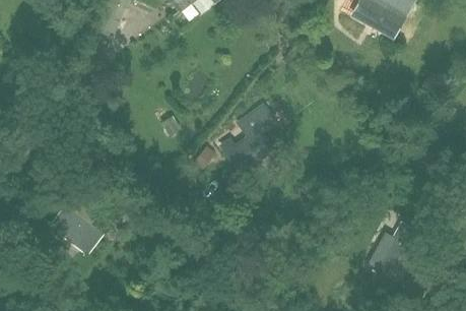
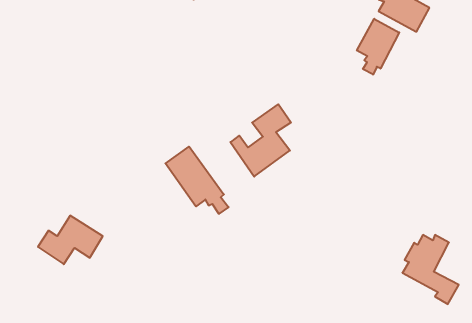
building: none -> [357,19,399,75]
building: none -> [165,147,229,214]

